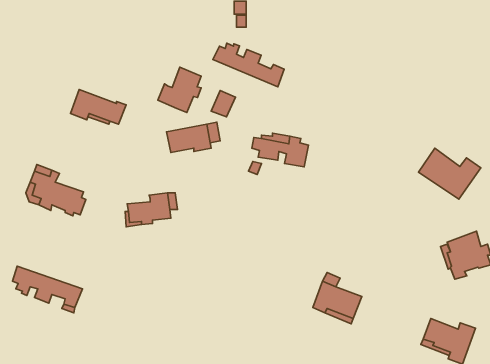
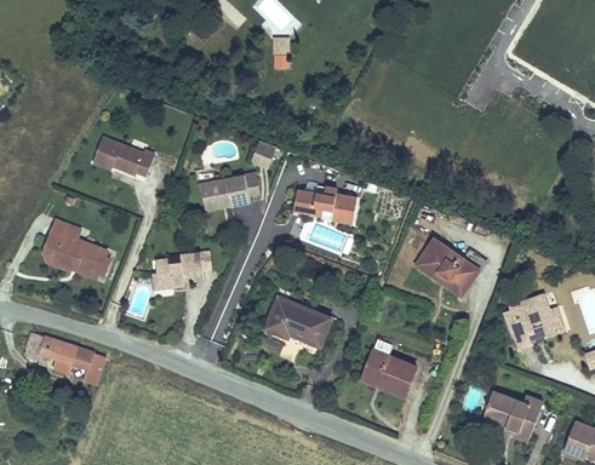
building: [213,43,284,87] -> none
building: [158,67,201,113] -> none
building: [419,148,481,199] -> [416,239,485,295]
building: none -> [265,288,330,345]

